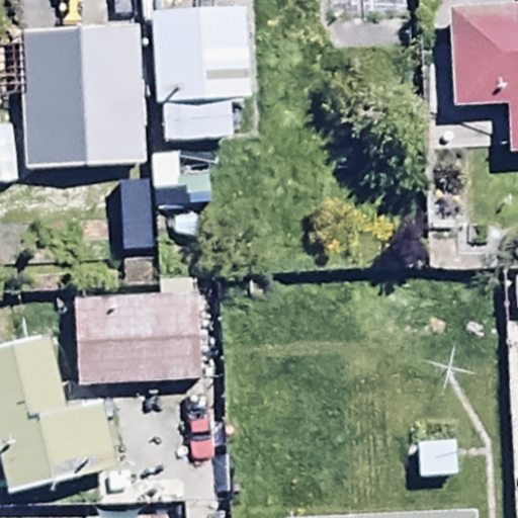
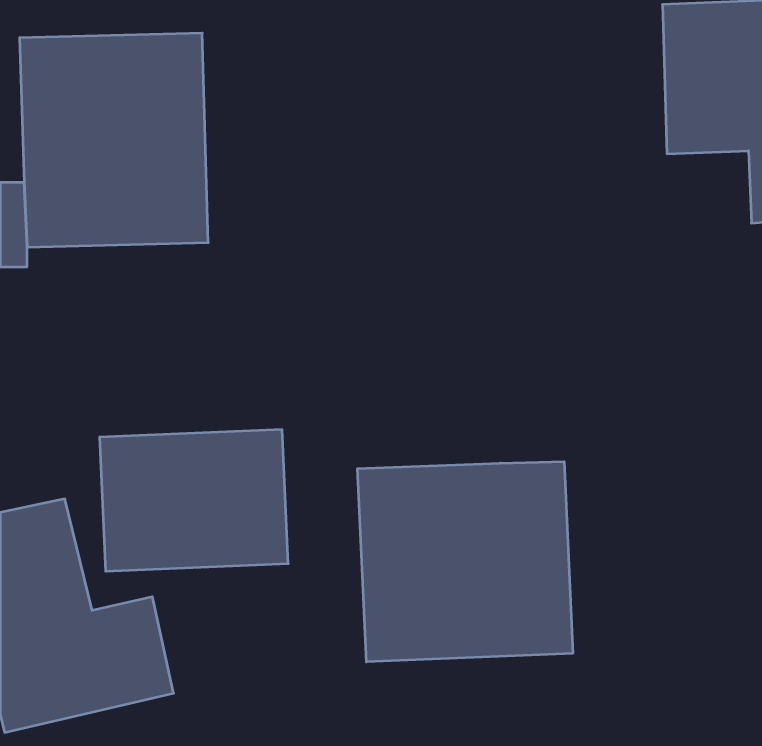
building: [153,12,246,136] -> none
building: none -> [358,462,573,662]

